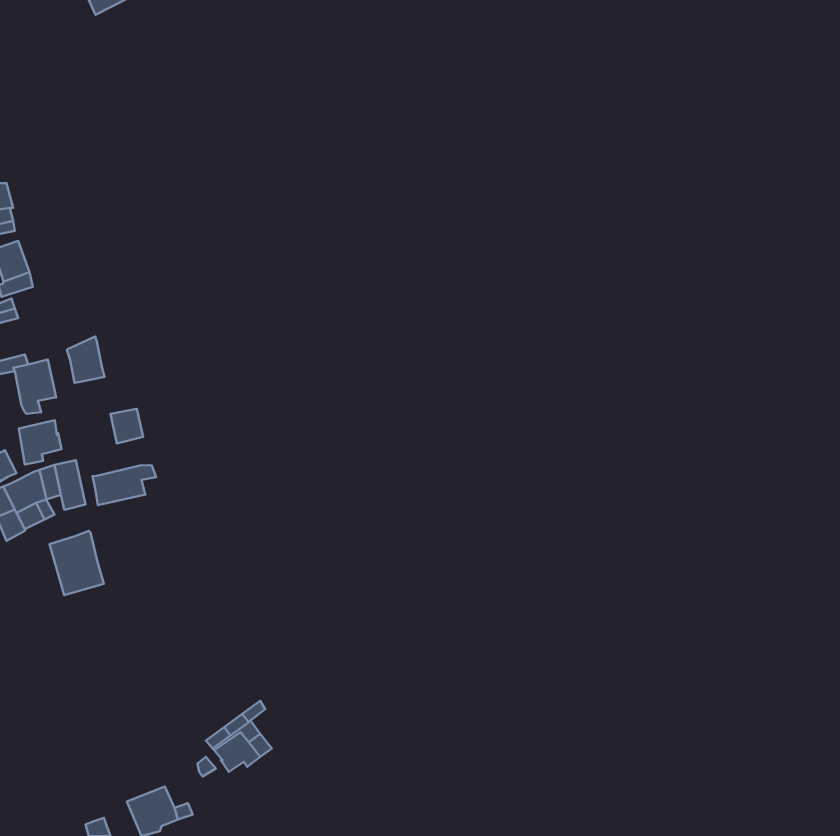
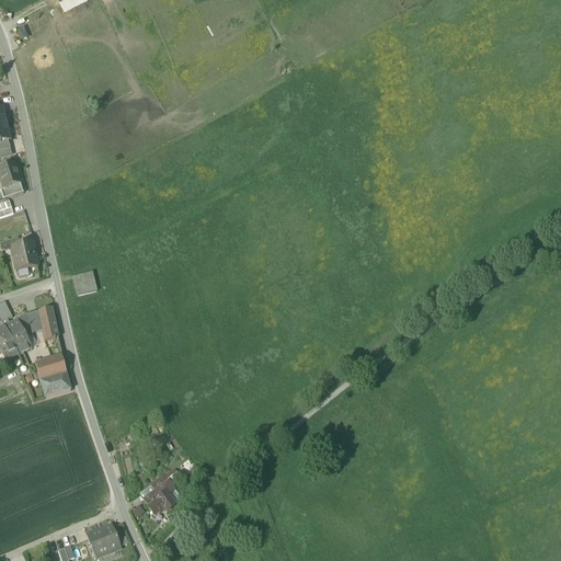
building: [67,337,105,383] -> none
building: [19,420,61,464] -> none
building: [92,465,156,505] -> none

